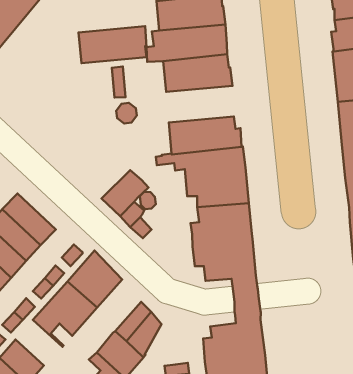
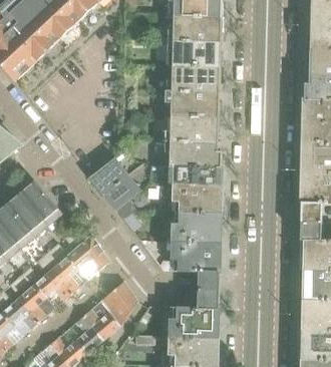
building: [79,26,147,63] -> [164,113,220,140]
building: none -> [91,157,128,193]
building: none -> [18,283,55,321]

